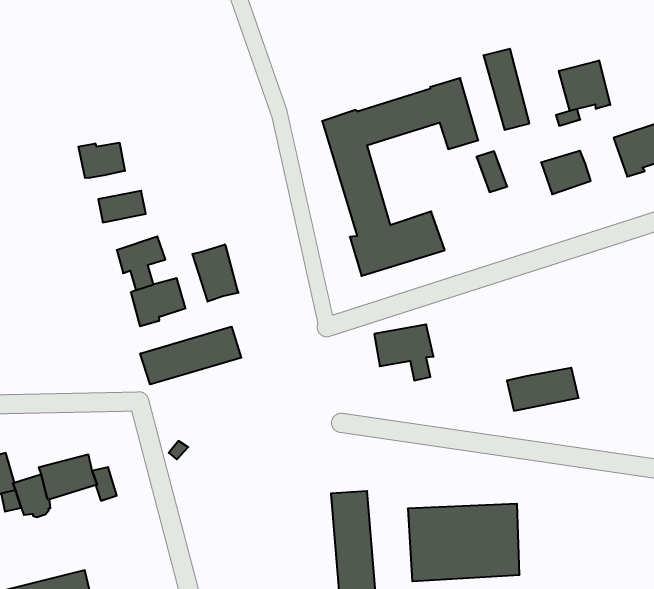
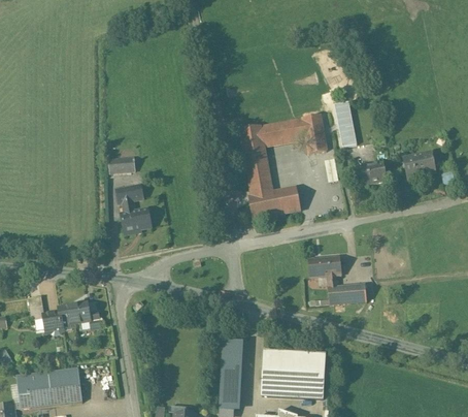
building: [559,60,610,111] -> none
building: [78,143,125,178] -> none
building: [192,244,238,302] -> none
building: [374,324,434,381] -> [308,256,340,287]
building: [140,327,241,384] -> none

